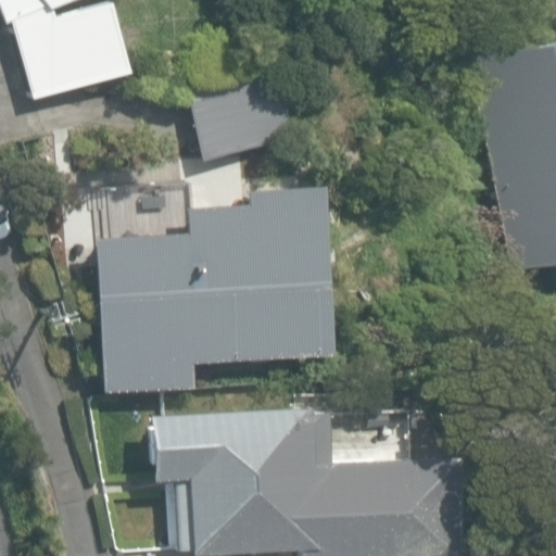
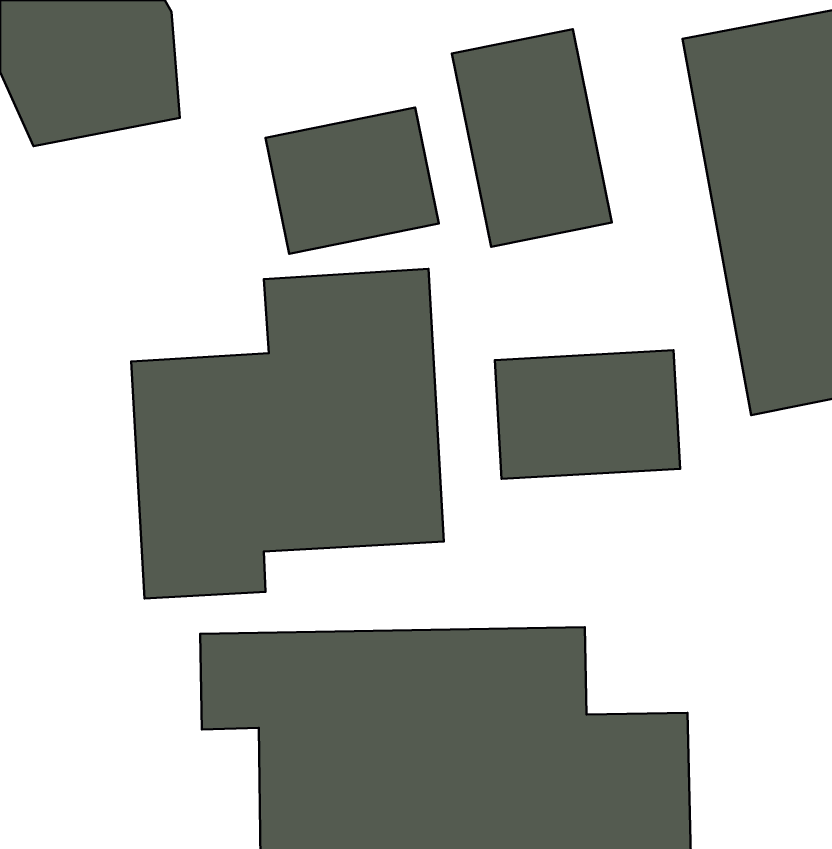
building: none -> [452,29,612,247]
building: none -> [495,350,680,479]

